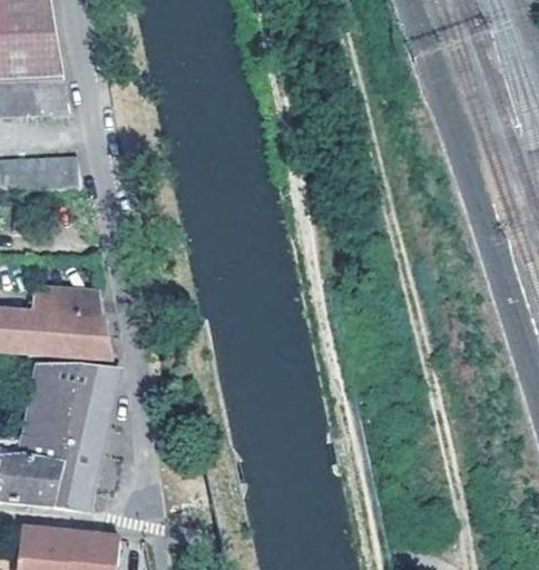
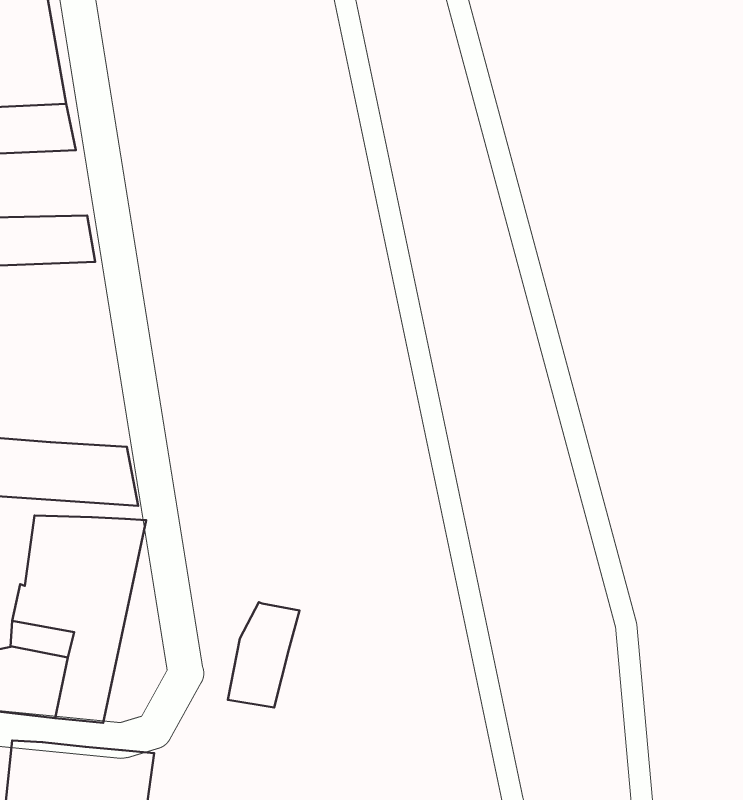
building: [49,285,102,317] -> none
building: none -> [228,602,299,707]

